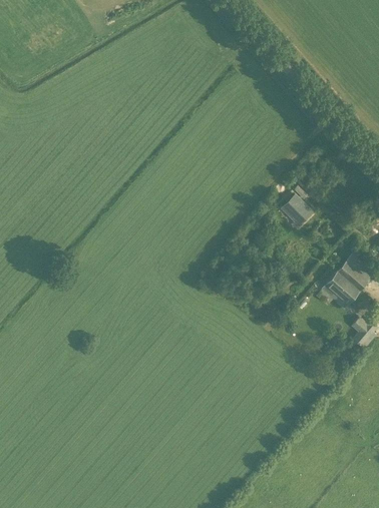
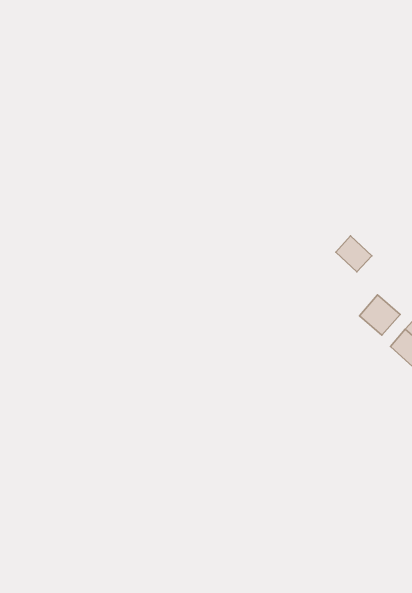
building: none -> [359,295,400,335]

